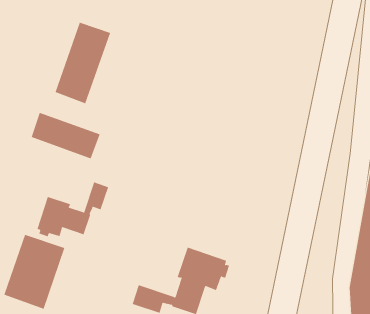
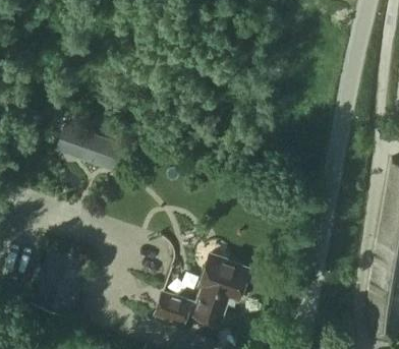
building: [55,22,111,104] -> none
building: [37,182,109,237] -> none

